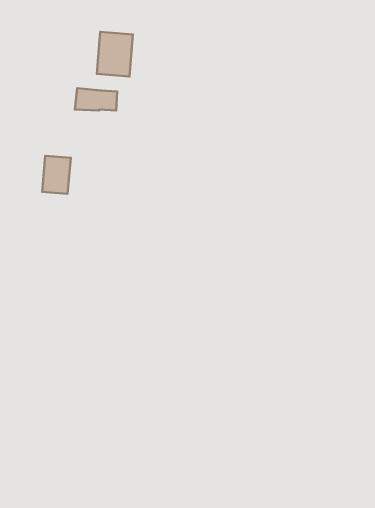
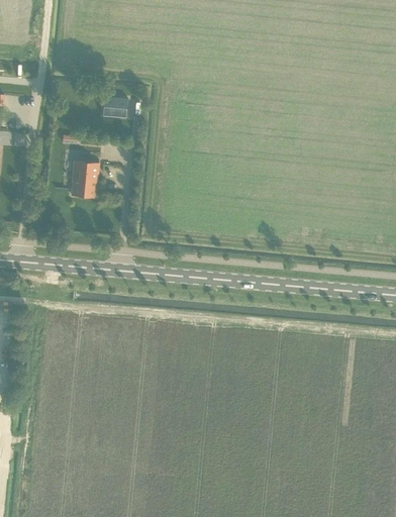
building: [97,32,133,77] -> none

